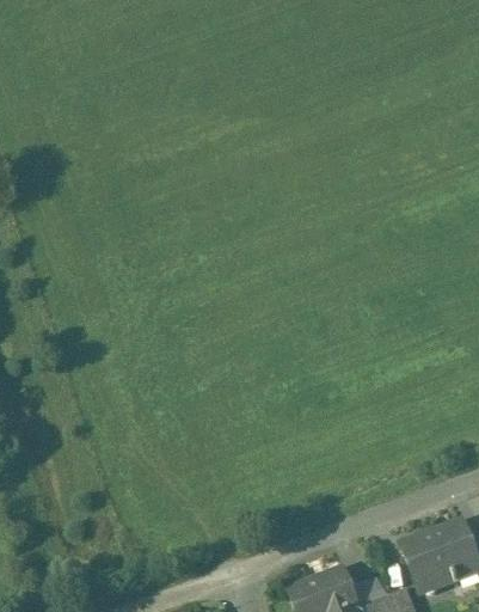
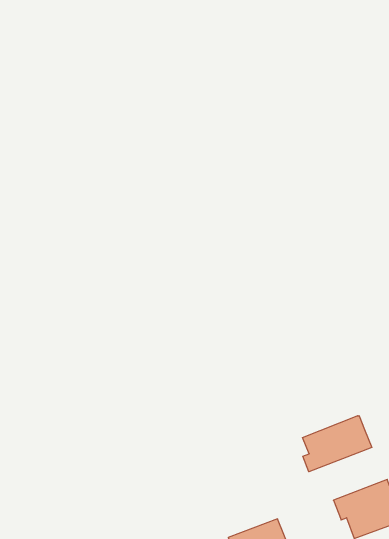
building: none -> [303,416,372,472]

